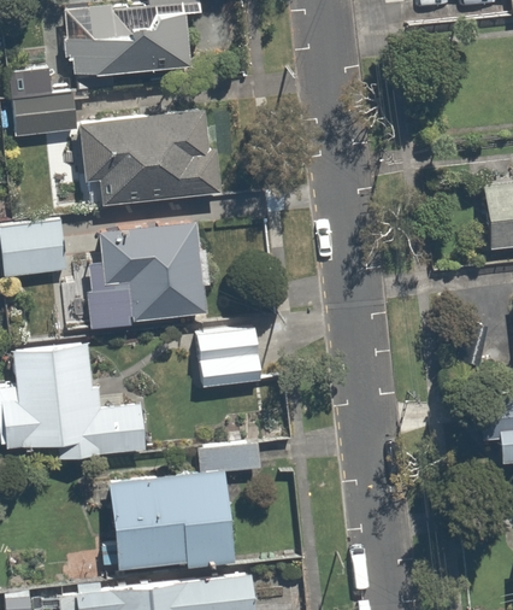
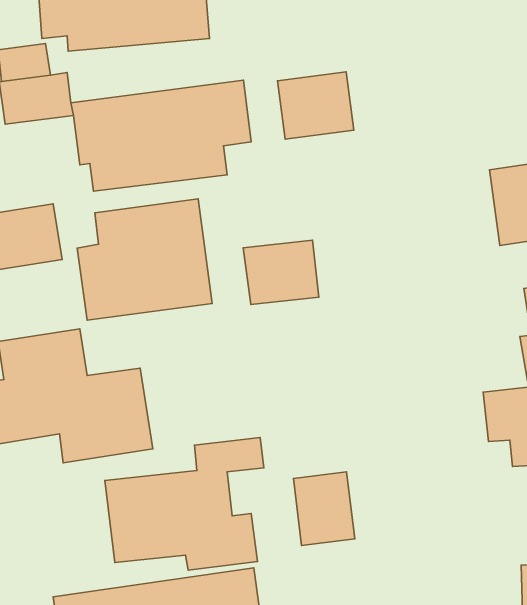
building: none -> [278,72,354,139]
building: [193,325,265,387] -> [243,240,319,305]
building: none -> [293,472,355,545]

